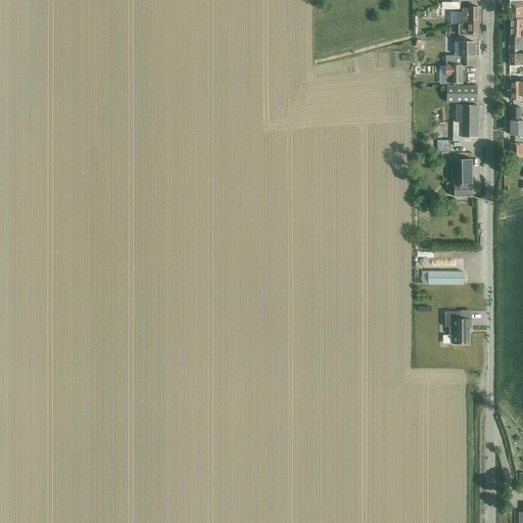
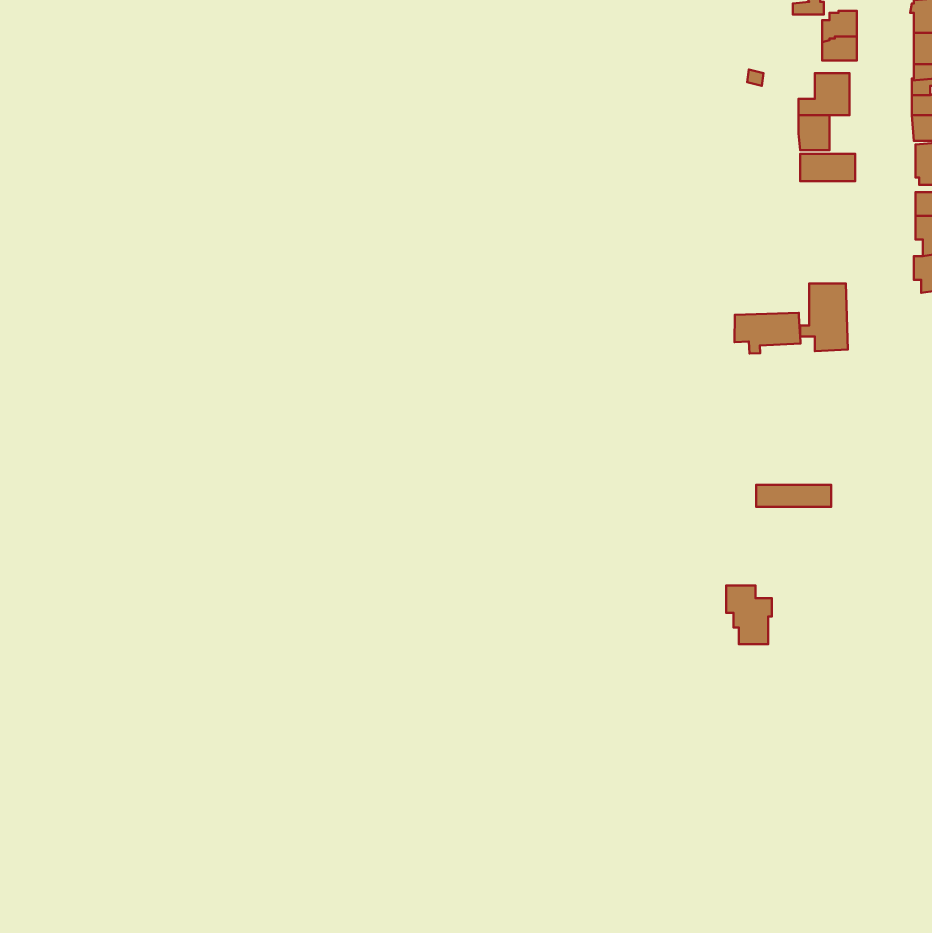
building: [456,104,480,136] -> none
building: none -> [735,313,801,354]
building: [447,311,473,343] -> [726,585,772,644]

